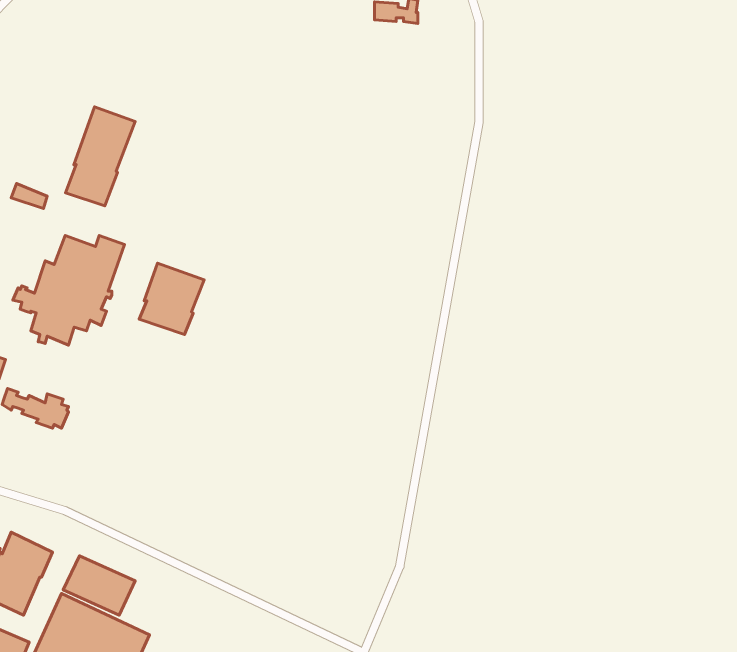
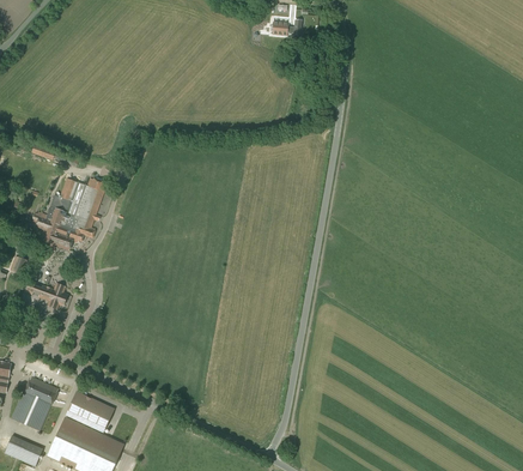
building: [65,107,135,206] -> none
building: [139,263,204,335] -> none

